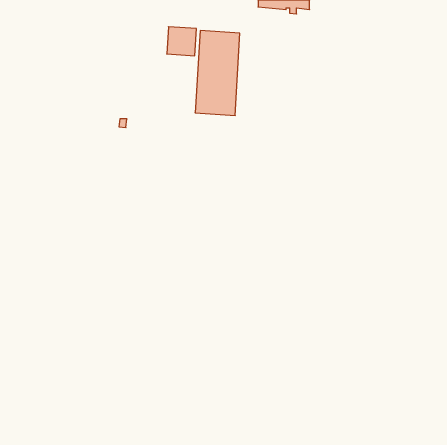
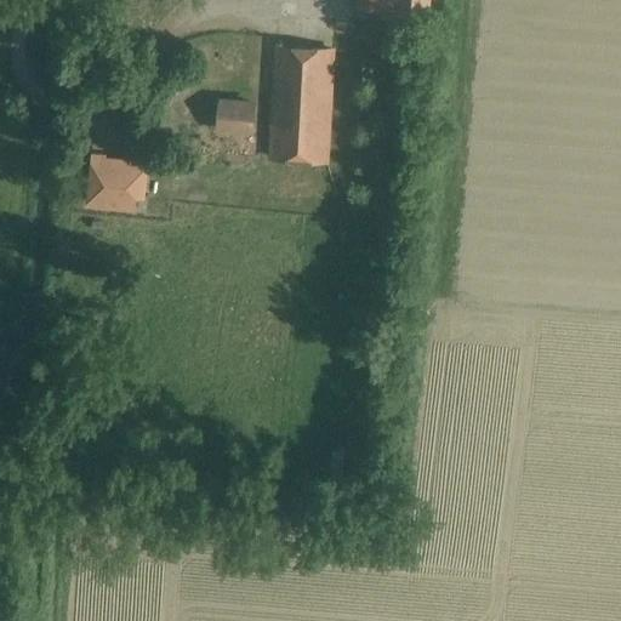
building: [167,27,196,56] -> [216,97,257,137]
building: none -> [85,154,149,213]

